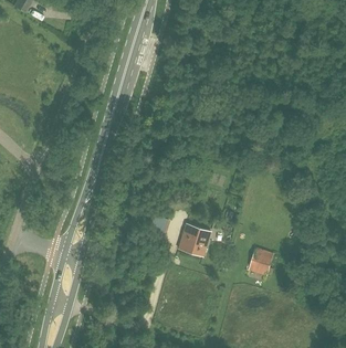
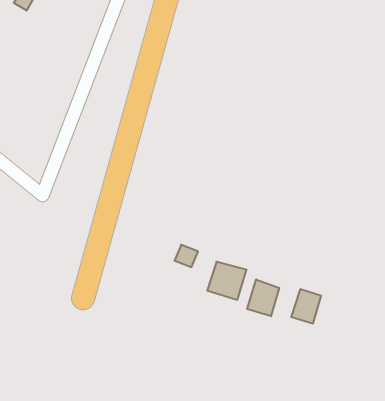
building: none -> [247,279,279,316]

